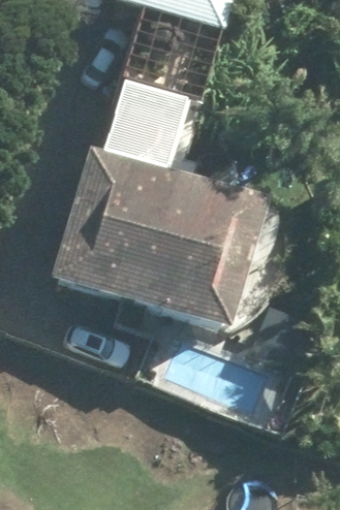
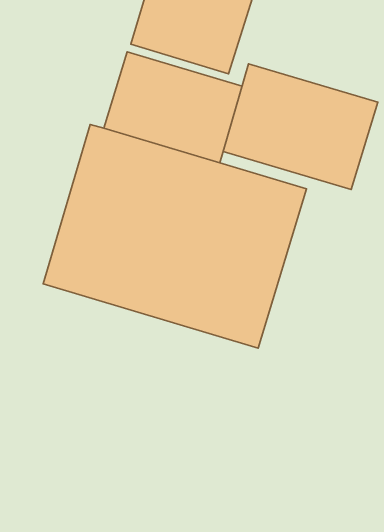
building: none -> [223,64,378,189]

